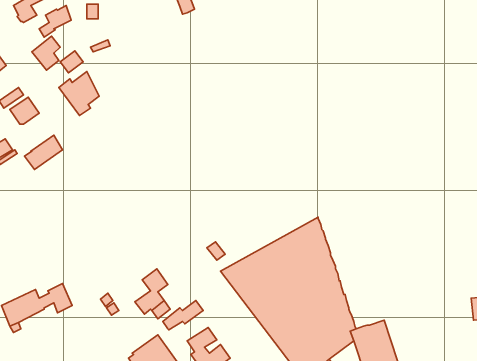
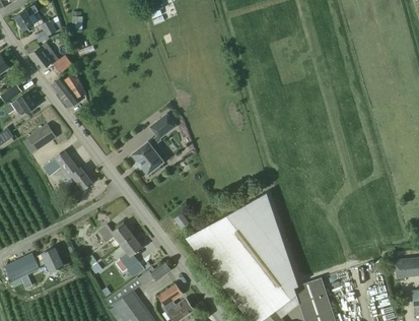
building: none -> [133,114,176,174]
building: none -> [43,149,92,189]
building: none -> [97,222,133,244]

